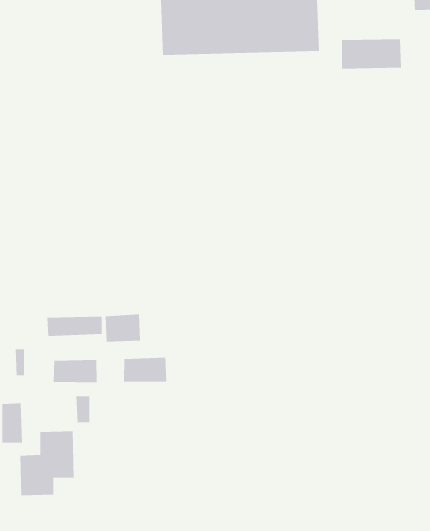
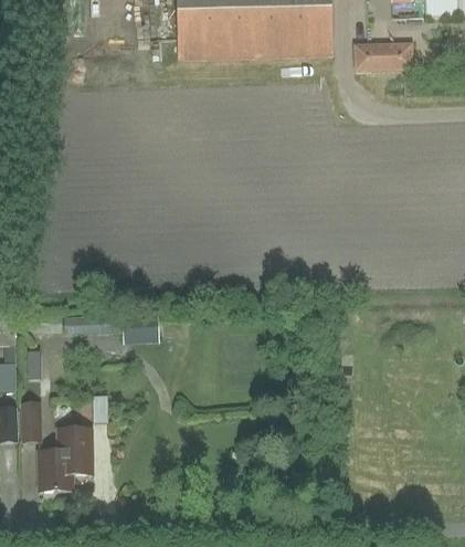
building: [124,357,167,383] -> none
building: [53,359,97,383] -> none

